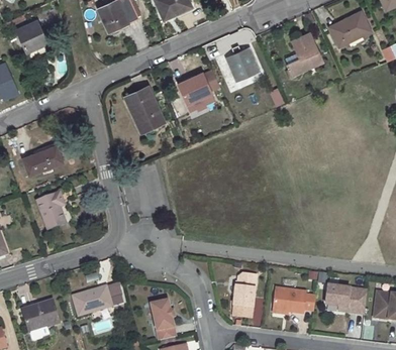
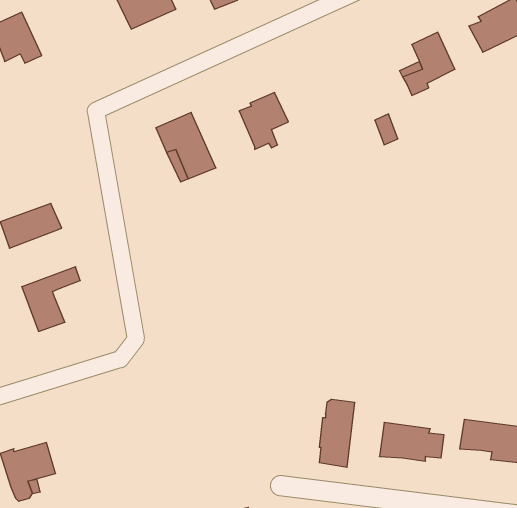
building: [225,47,261,82] -> none
building: [73,286,112,318] -> none
building: [151,301,176,341] -> none

